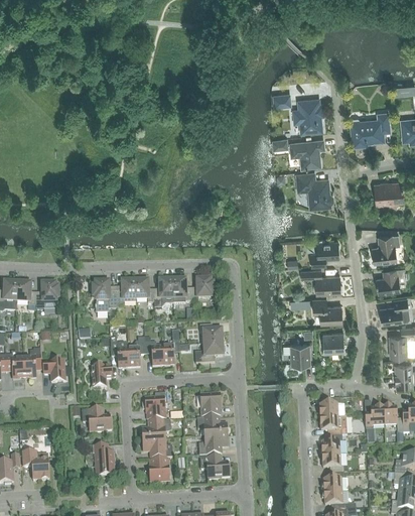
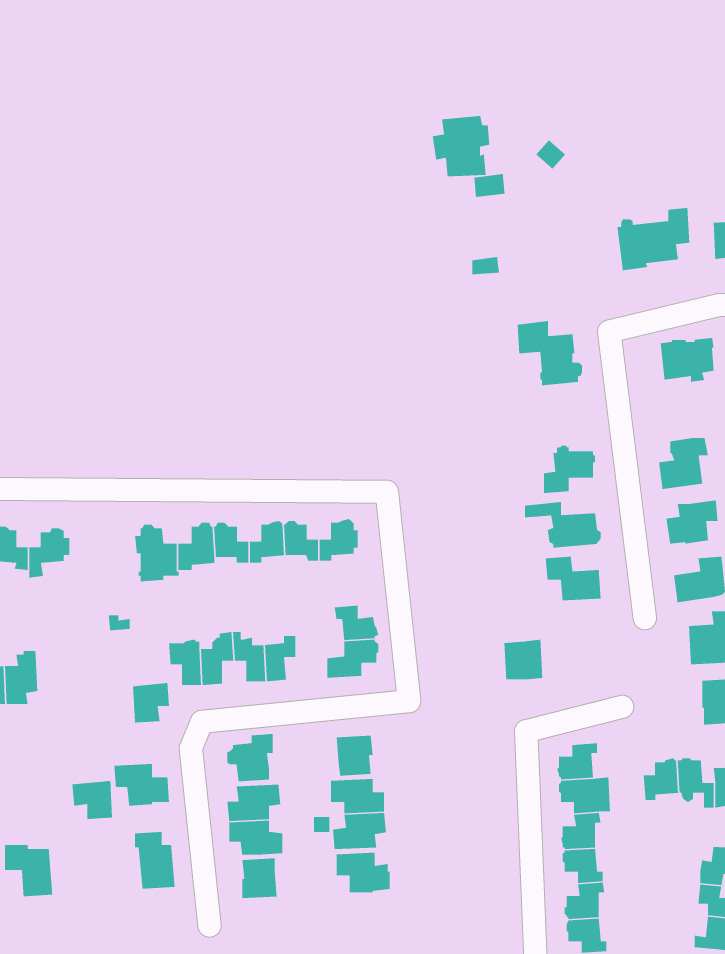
building: [292,98,323,131] -> [432,115,490,177]
building: [289,139,323,167] -> none
building: [321,331,343,353] -> none
building: [42,360,66,381] -> [72,780,117,820]

